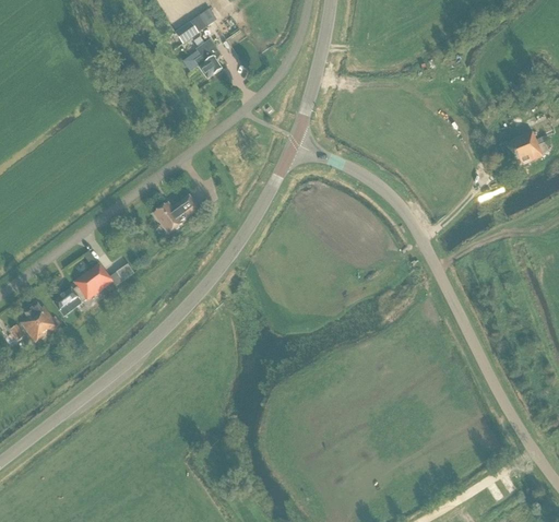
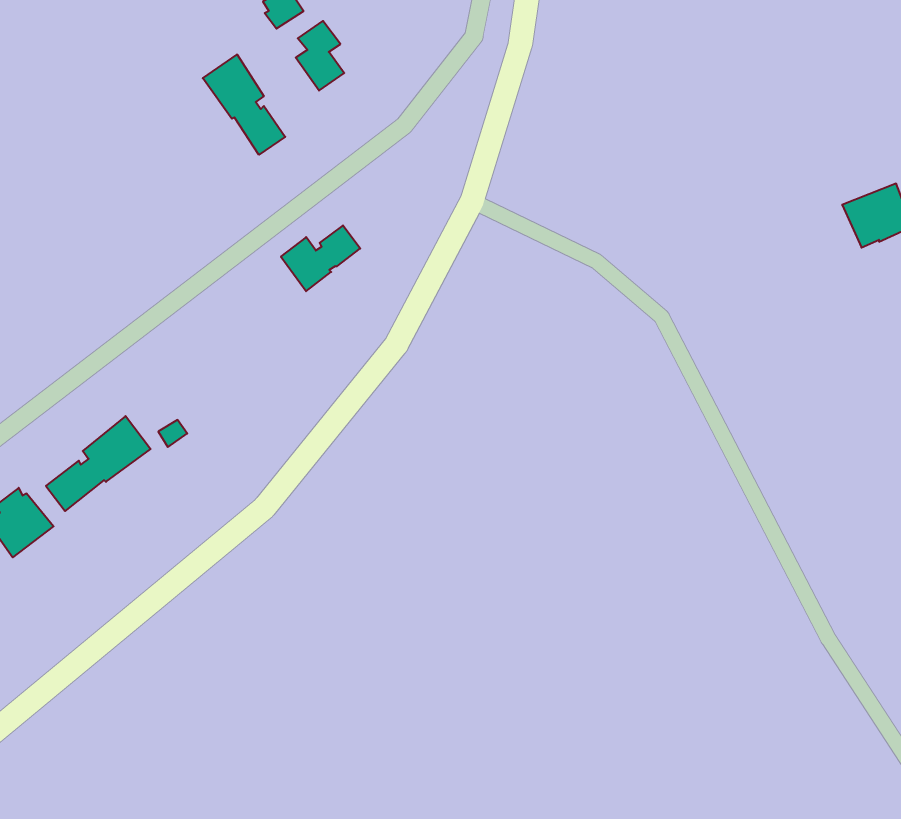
building: none -> [203,54,285,155]
building: [154,195,199,233] -> [281,225,360,291]

